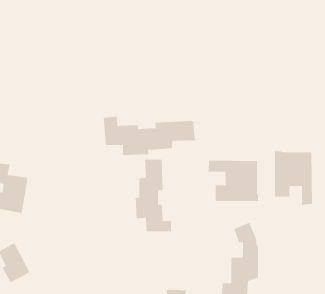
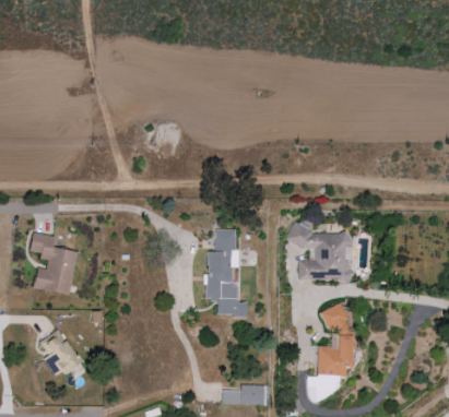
building: [103,116,196,156] -> none
building: [274,150,313,205] -> none

